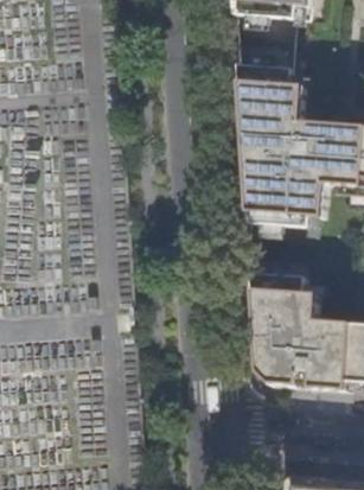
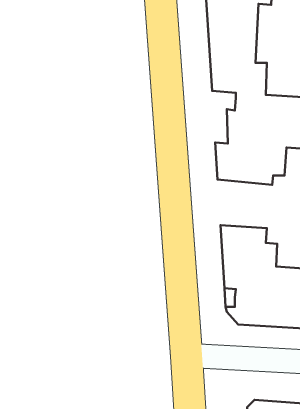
building: [244,119,272,179] -> none

